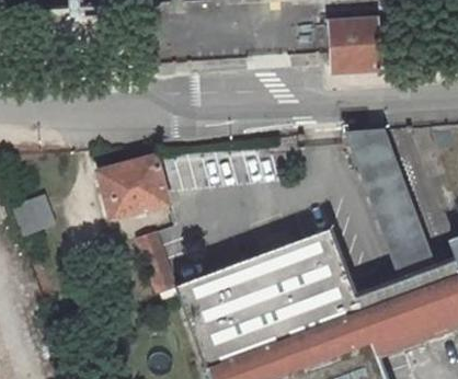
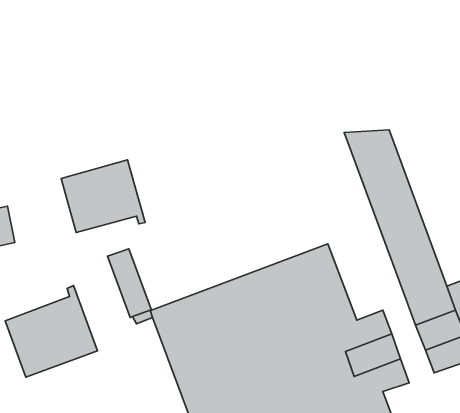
building: [331,20,378,69] -> none
building: none -> [5,286,98,377]
building: [379,278,424,349] -> none

